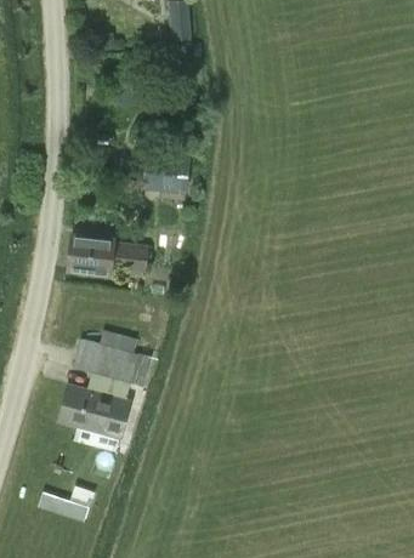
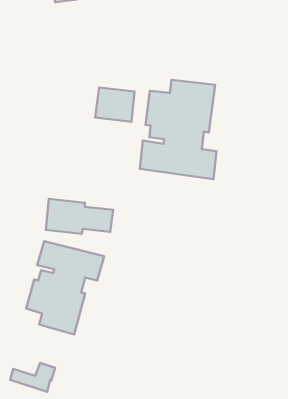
building: none -> [140,80,216,179]
building: [67,233,148,275] -> [46,199,113,234]

